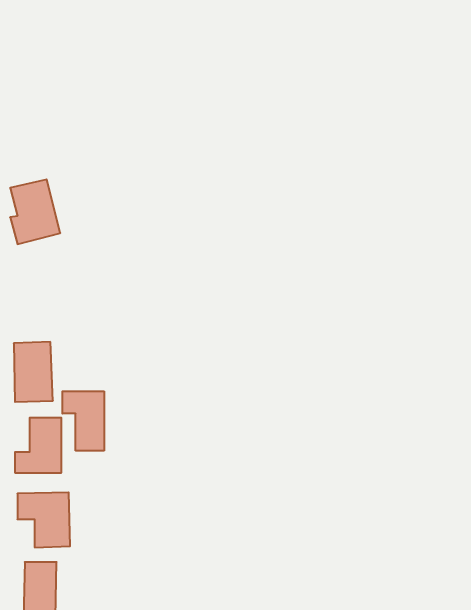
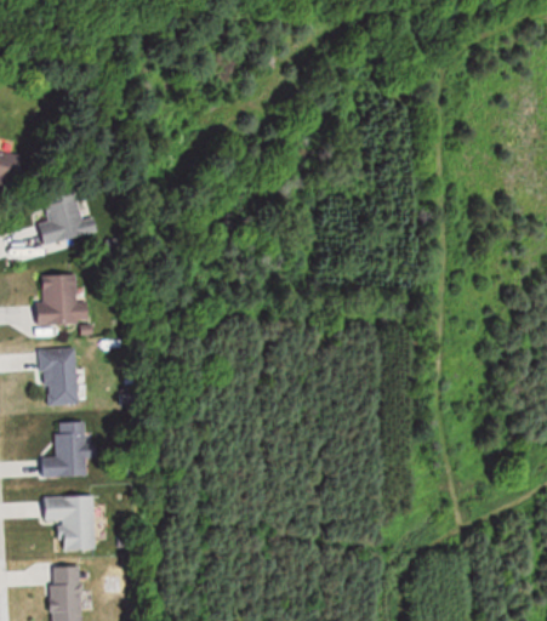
building: none -> [38,274,90,324]
building: [62,391,104,451] -> none

